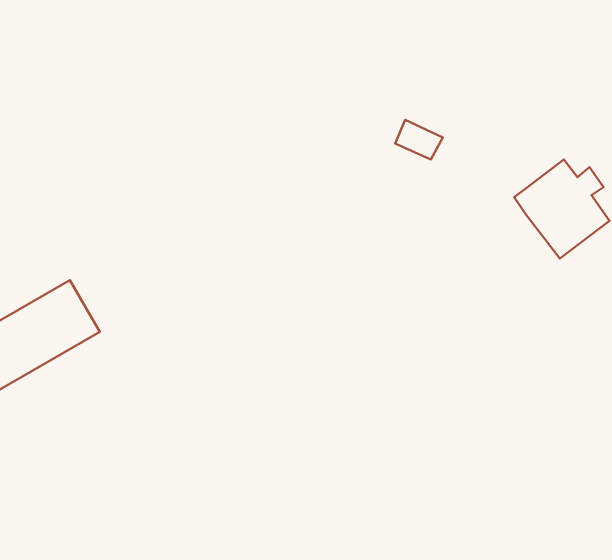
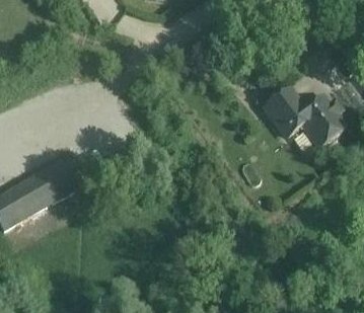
building: none -> [264,89,303,137]

